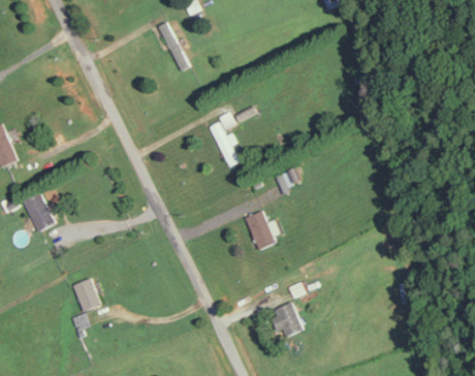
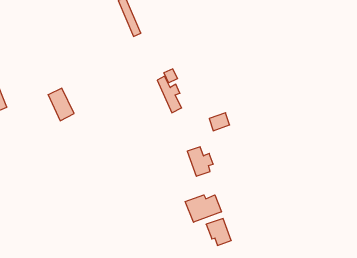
building: [23,191,56,232] -> [48,88,74,121]
building: none -> [185,195,221,222]
building: [71,277,101,311] -> none

